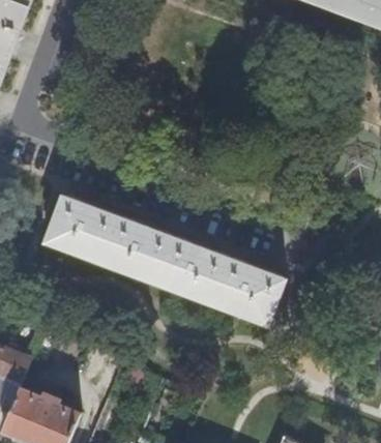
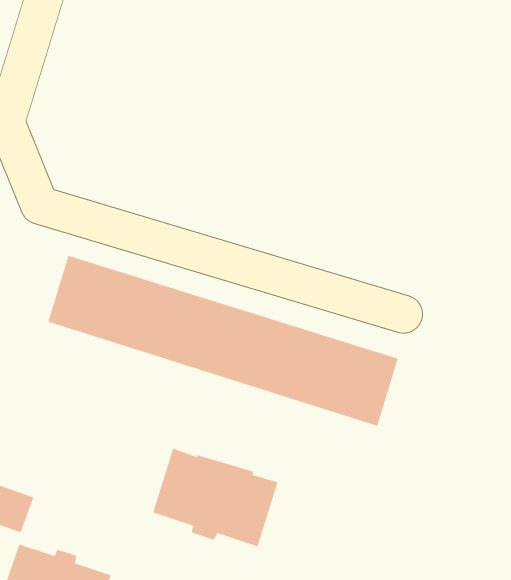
building: none -> [152,448,278,547]

